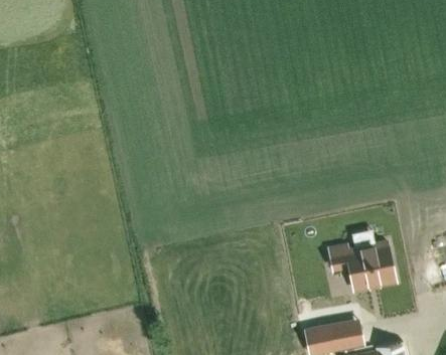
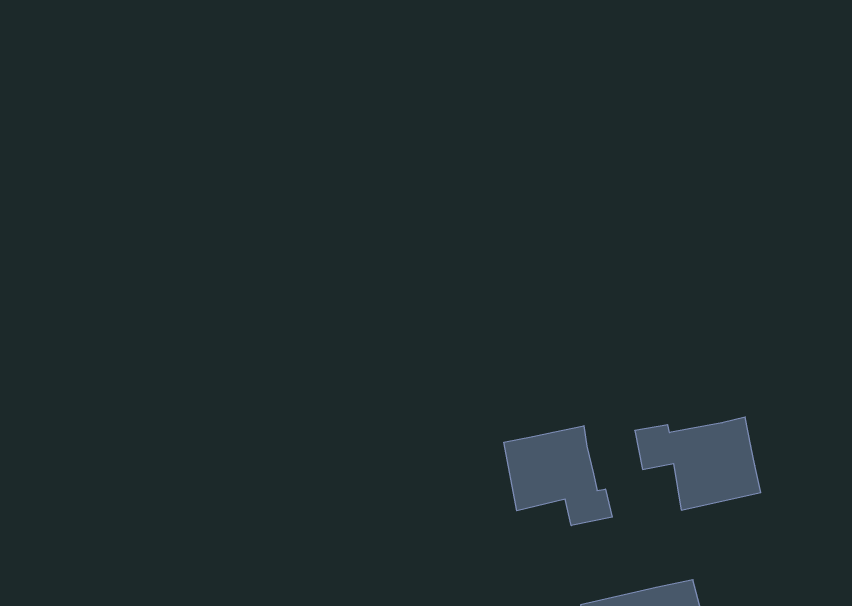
building: none -> [504,426,612,526]

